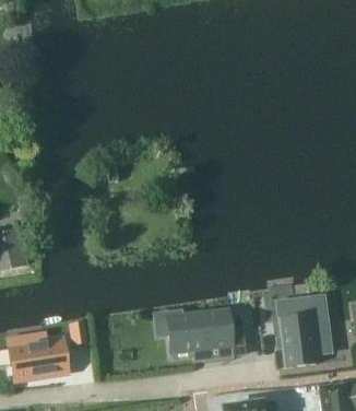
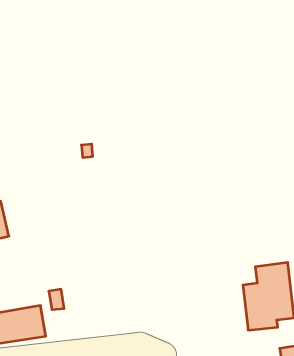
building: [168,312,235,362] -> none

